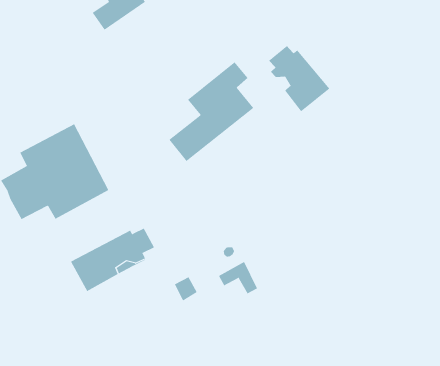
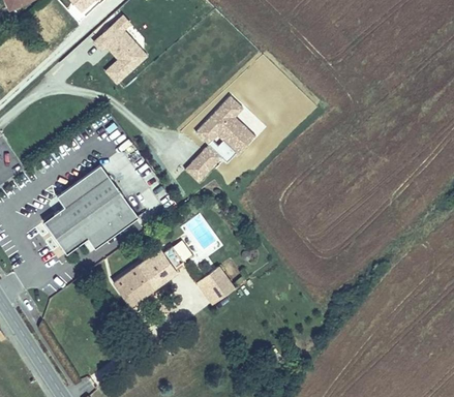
building: [268,45,330,112] -> none
building: [218,261,258,294] -> [198,267,233,295]

